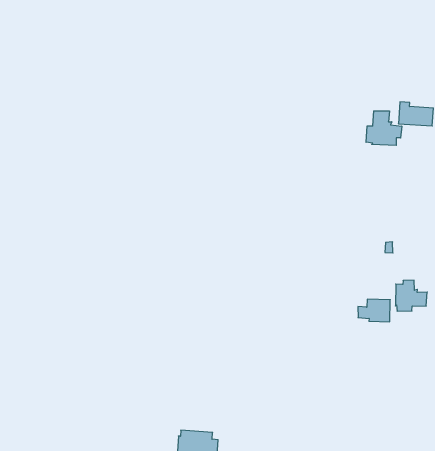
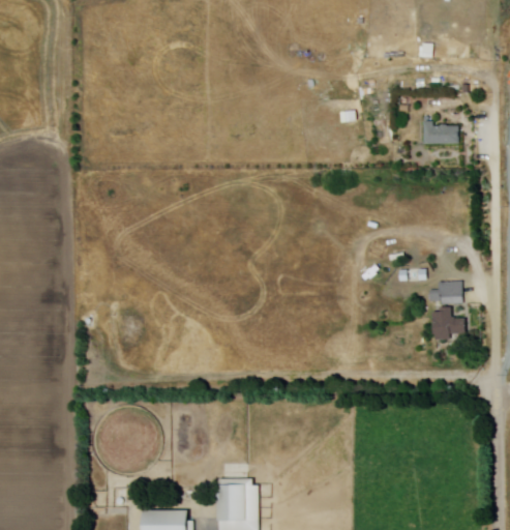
building: [366,111,402,145] -> none
building: [358,299,390,322] -> [428,282,462,305]

